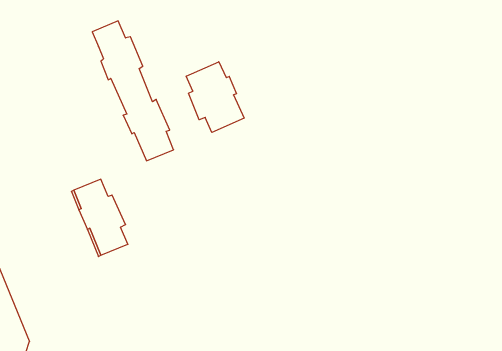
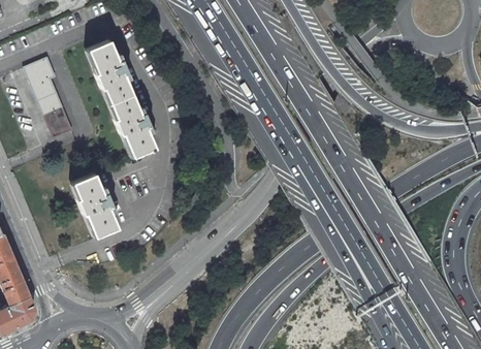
building: none -> [24,57,72,138]
building: [186,62,244,132] -> none

